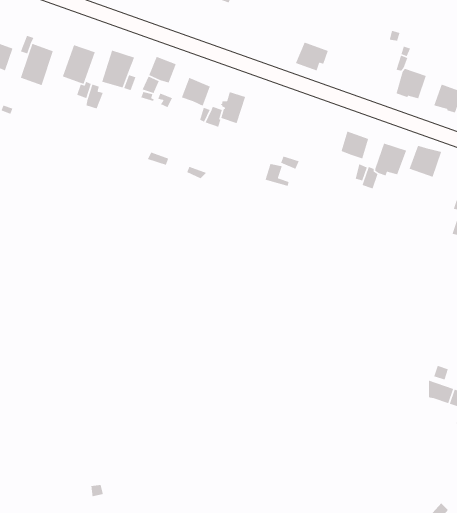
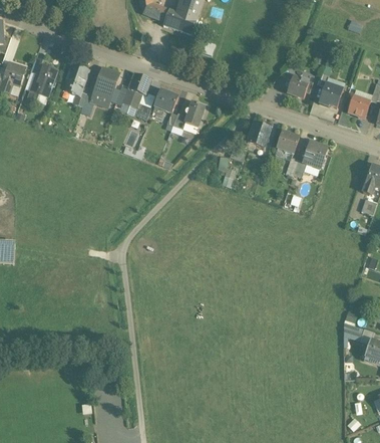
building: [295,41,329,71] -> [286,74,312,97]
building: none -> [248,122,271,147]
building: [409,145,442,178] -> none

